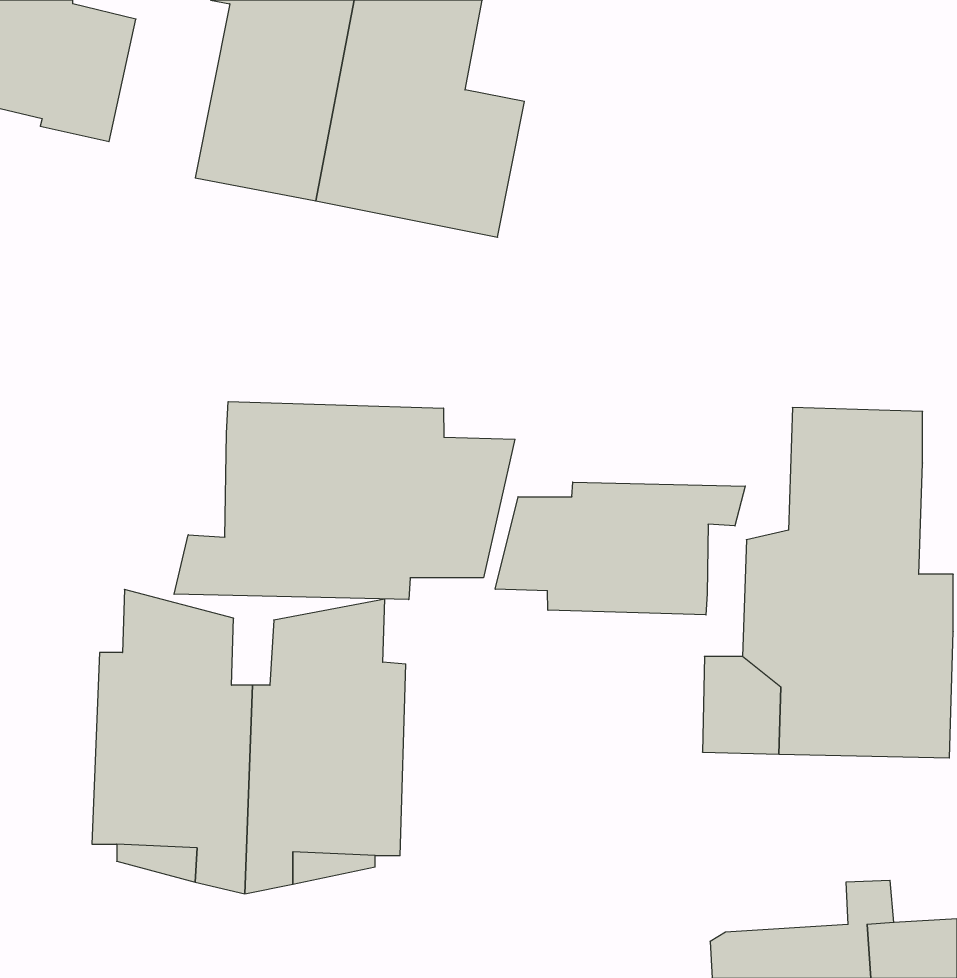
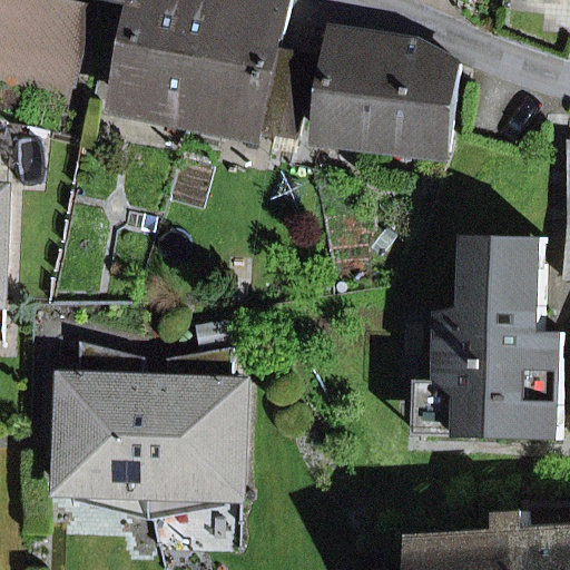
building: none -> [314,31,452,153]
building: [174,402,515,600] -> none
building: [495,482,745,615] -> none

